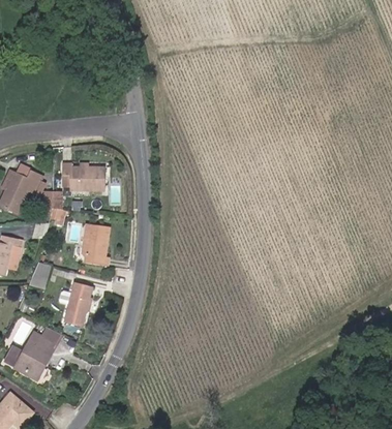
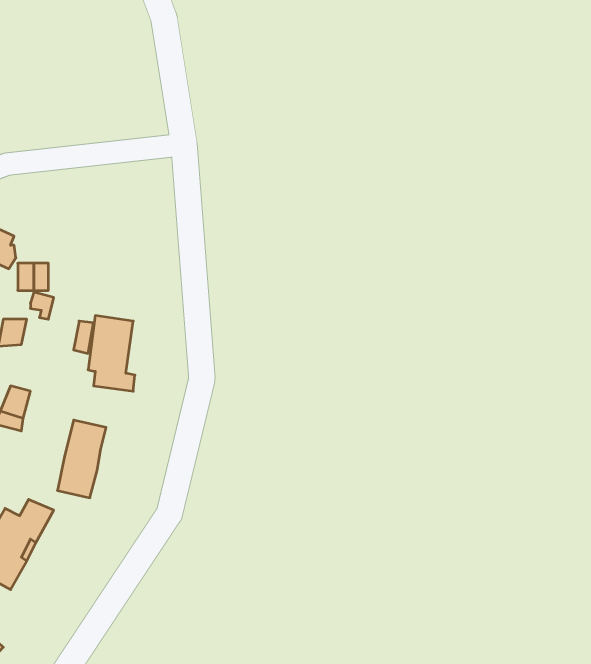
building: [60,162,101,189] -> none

